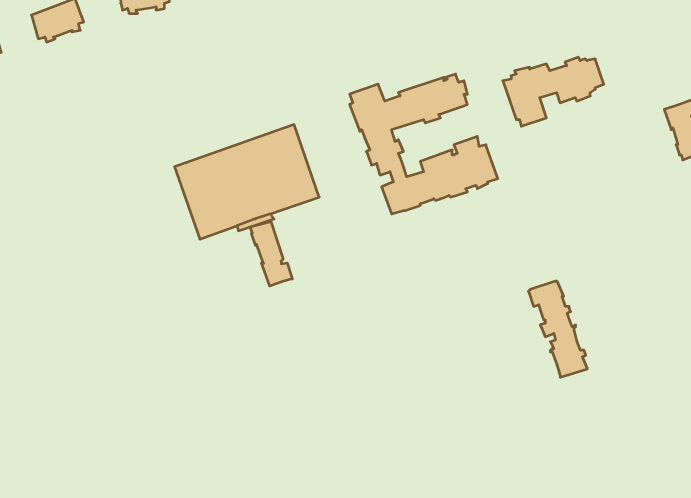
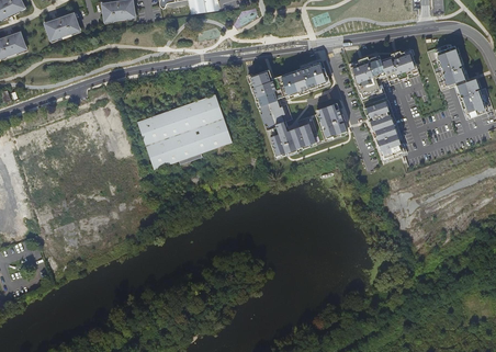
building: none -> [438,48,466,87]
building: [250,222,292,286] -> none
building: [528,281,587,377] -> [362,90,401,152]

